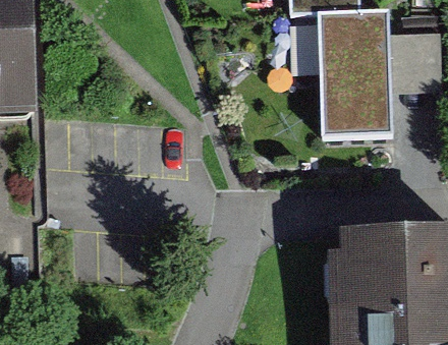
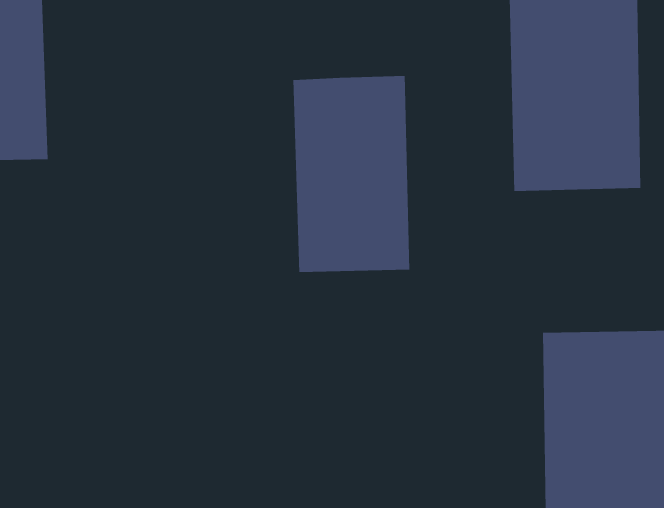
building: none -> [293,75,410,273]

